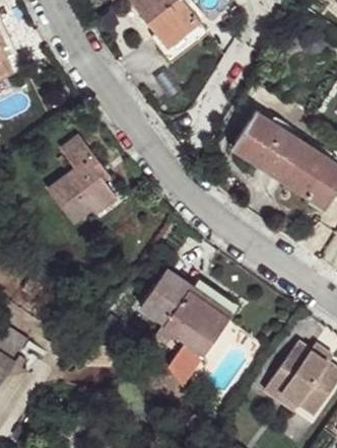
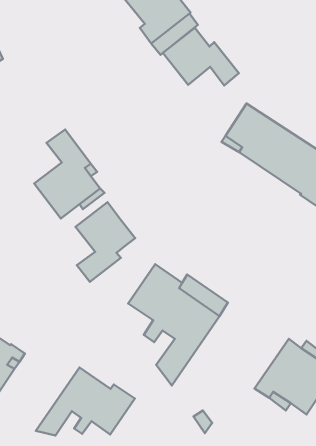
building: none -> [163,28,239,85]
building: none -> [75,202,135,282]
building: none -> [36,367,135,435]

